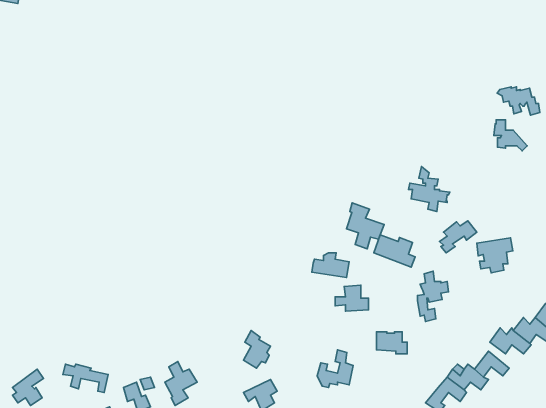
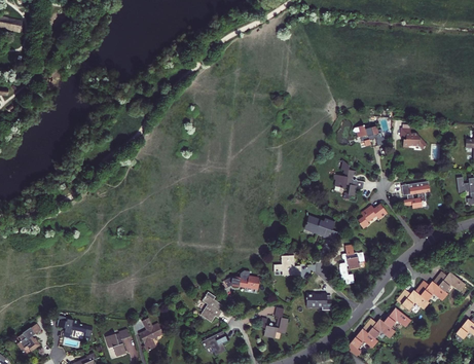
building: [497,87,540,115] -> [351,124,385,147]
building: [346,203,384,249] -> none
building: [477,238,513,273] -> [401,182,430,210]
building: [312,253,349,277] -> [230,270,260,290]

